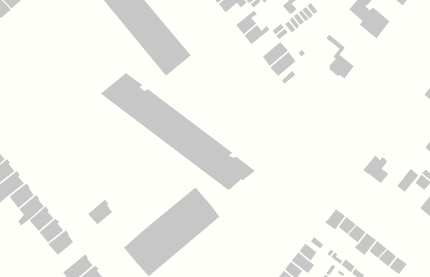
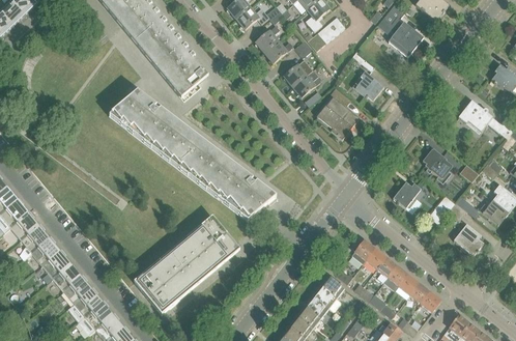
building: none -> [318,90,360,140]
building: none -> [423,148,456,182]
building: [87,198,115,225] -> [63,275,93,304]

